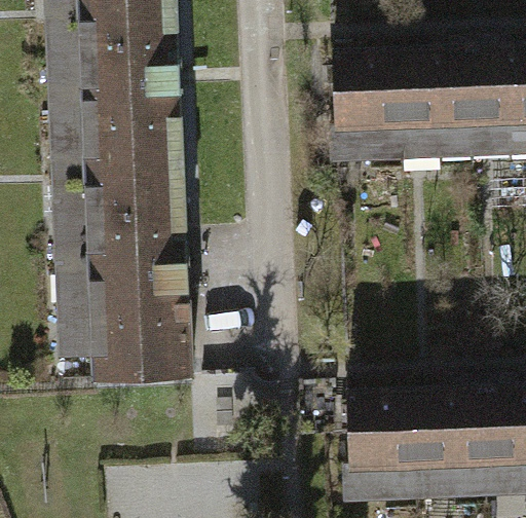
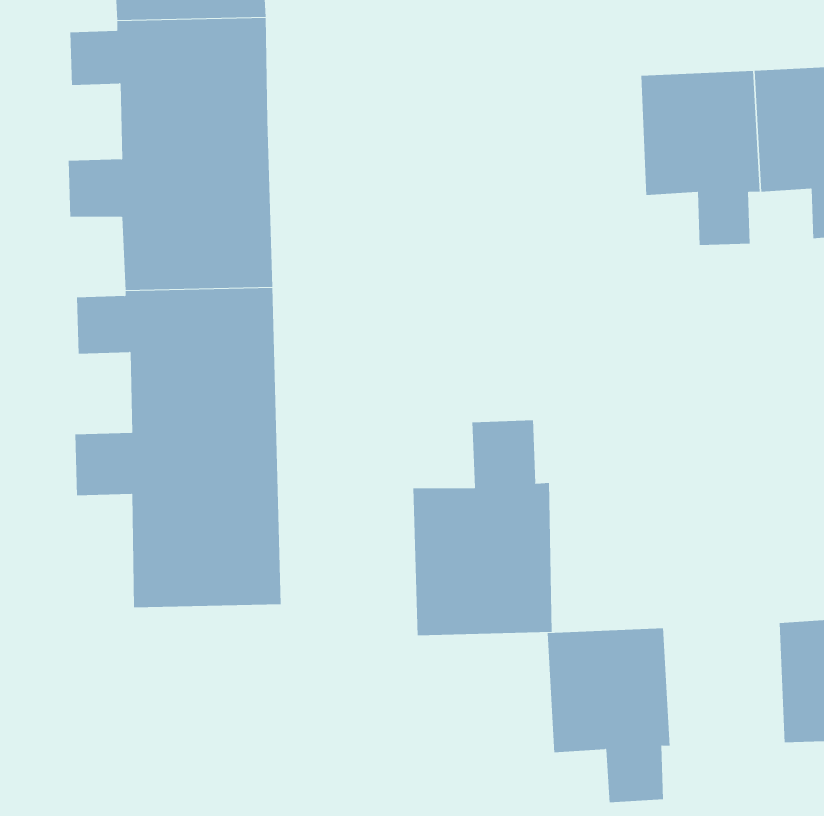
building: [334,57,409,165] -> none
building: none -> [413,419,552,636]
building: [420,394,494,502] -> none

